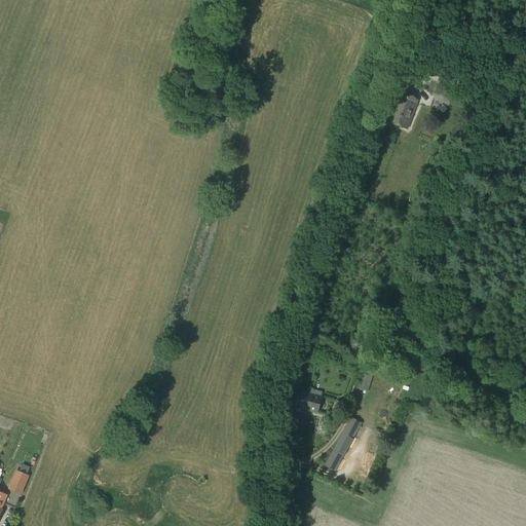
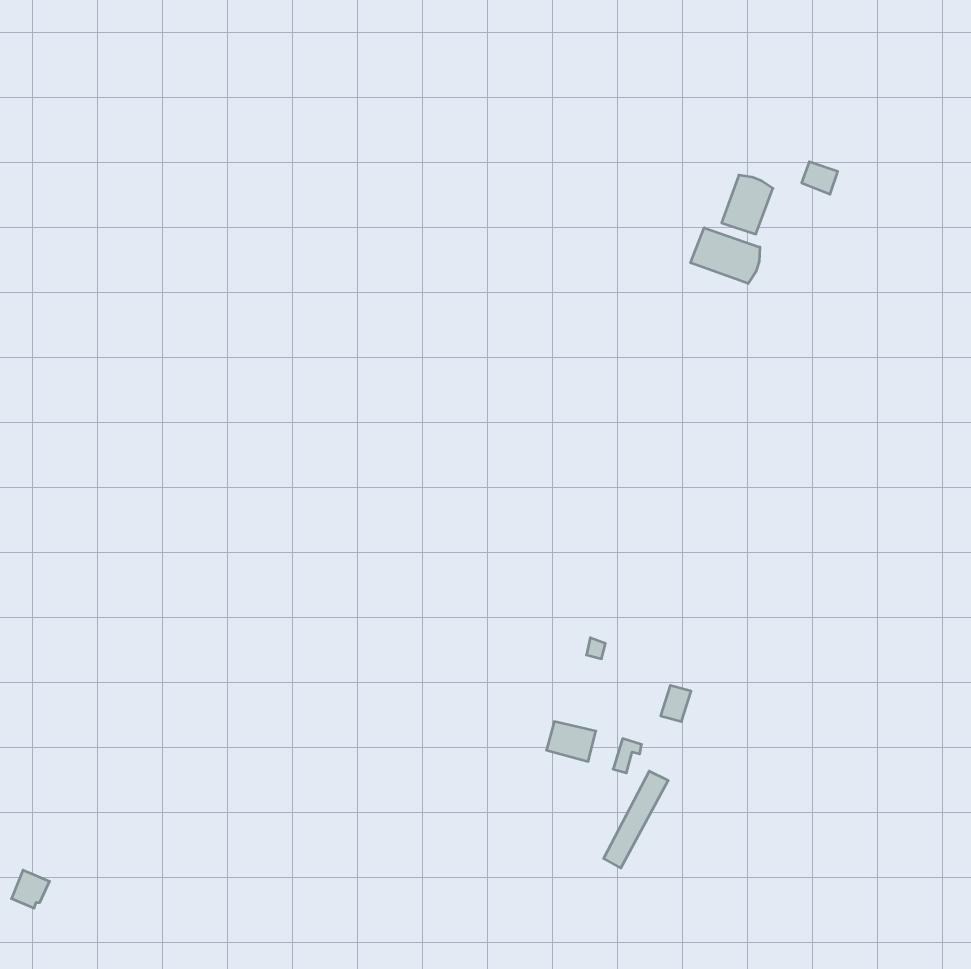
building: none -> [691,228,760,284]

